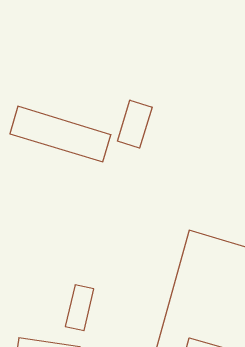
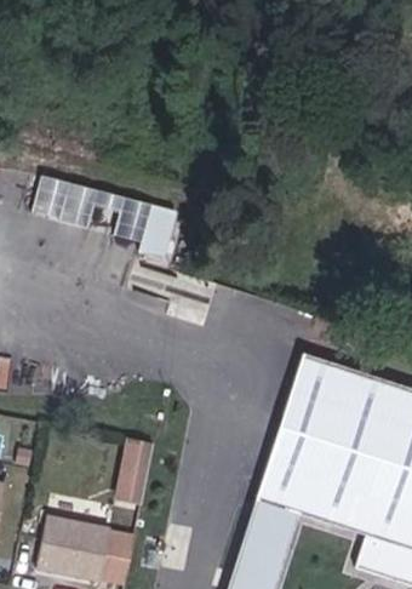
building: [117,100,152,148] -> none

